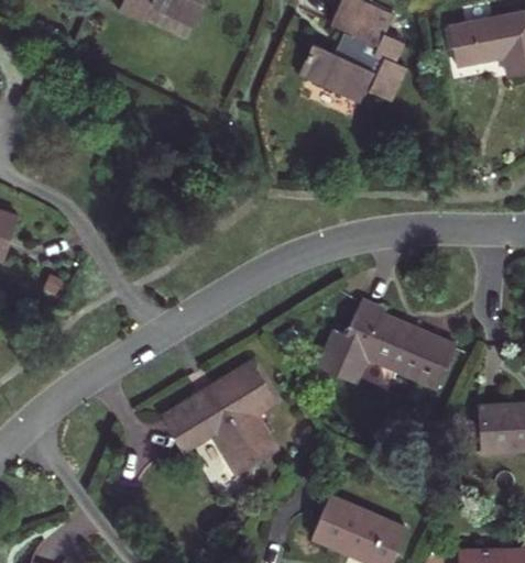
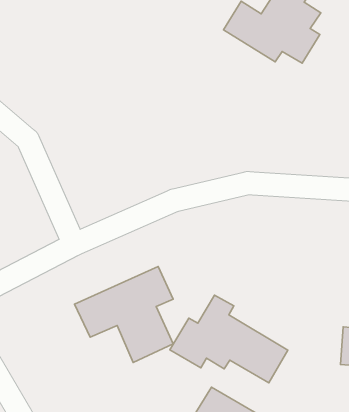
building: [318,297,456,391] -> [170,295,288,383]

